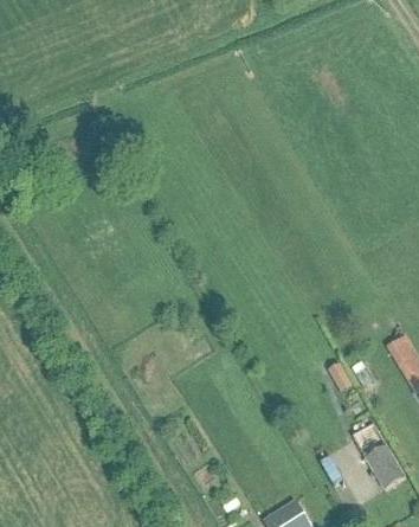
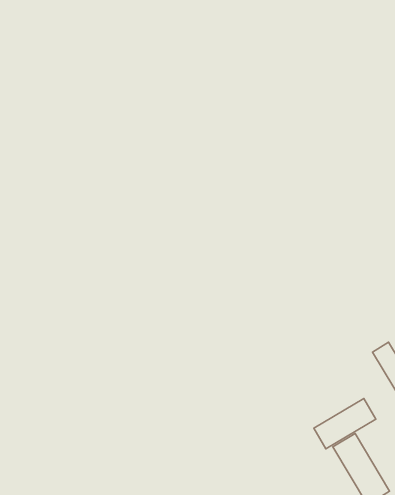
building: none -> [314,398,376,449]

